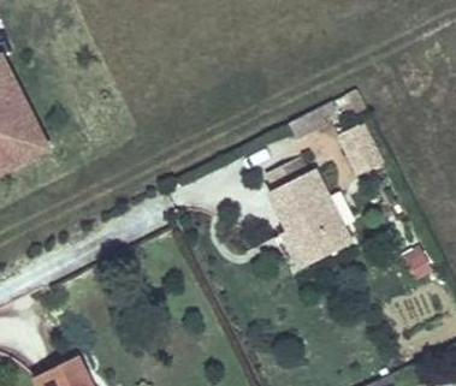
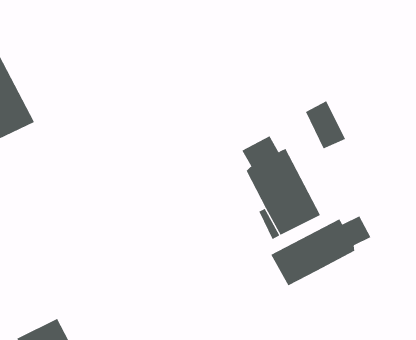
building: none -> [271,215,371,286]

